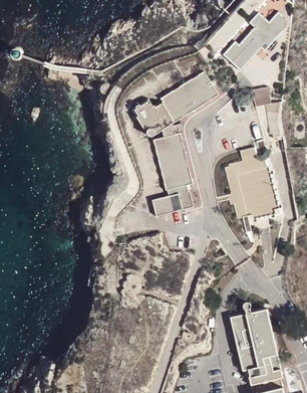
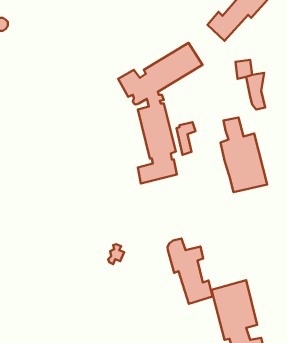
building: [226,161,245,194] -> [177,122,195,155]
building: none -> [167,238,213,304]

